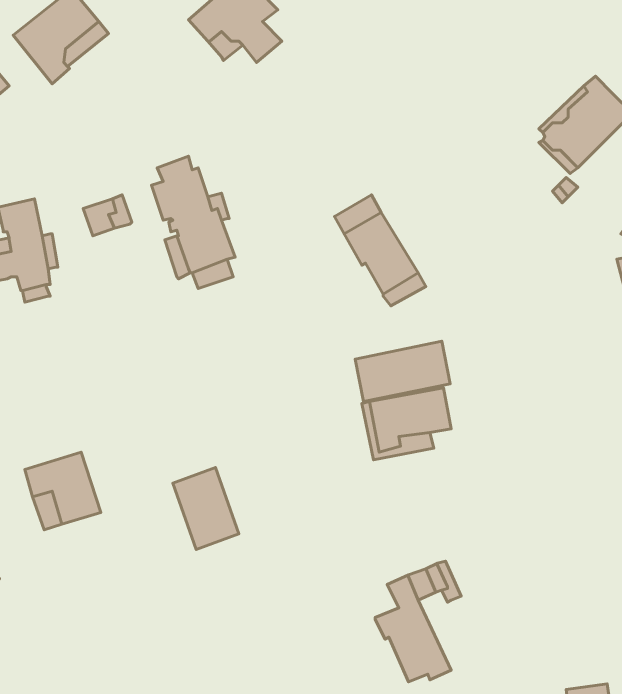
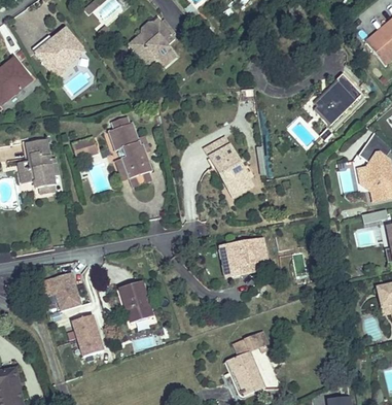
building: [355,341,450,402] -> none
building: none -> [72,313,104,356]

